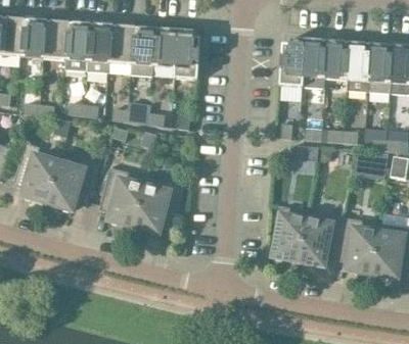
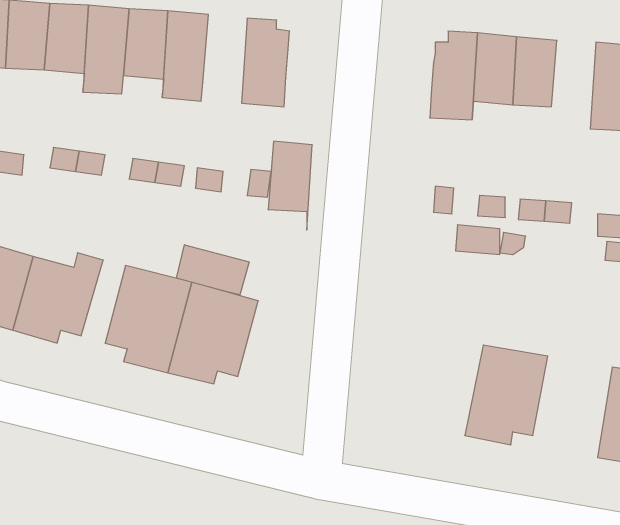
building: [152,28,177,77] -> [268,141,312,230]
building: [346,42,370,91] -> none
building: none -> [177,245,249,295]
building: [272,205,308,260] -> none
building: [335,216,379,273] -> none

